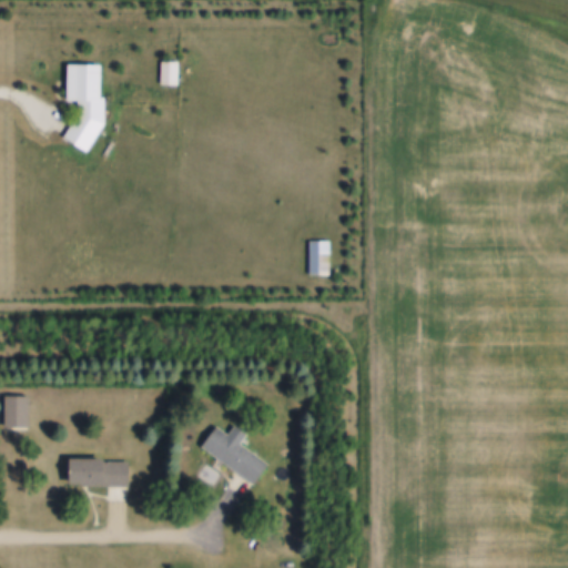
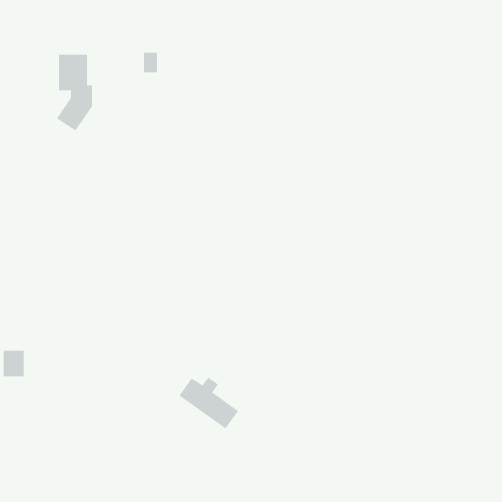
building: [310,240,329,273] -> none
building: [67,458,129,486] -> none

